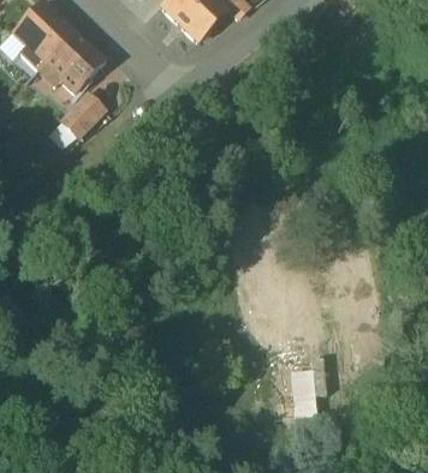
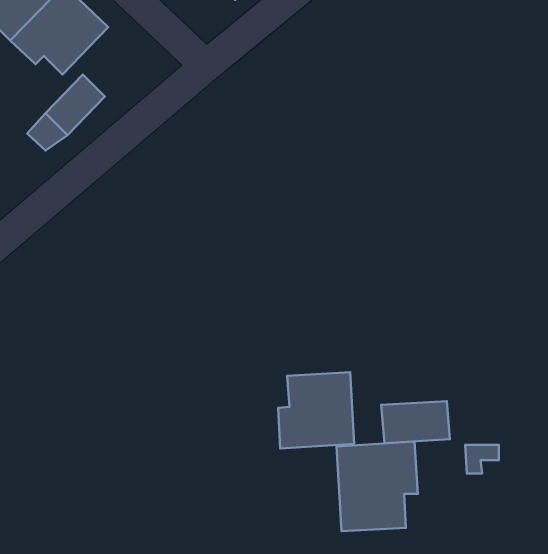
building: none -> [278,372,354,449]
building: none -> [381,401,450,443]

